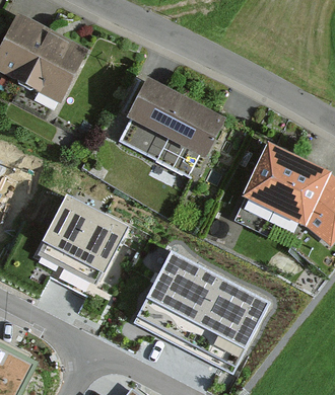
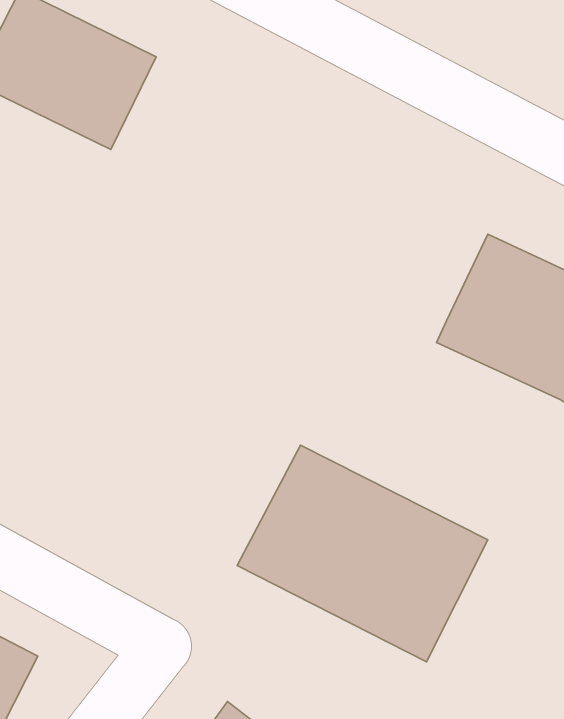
building: [116,80,220,179] -> none
building: [40,198,125,283] -> none

